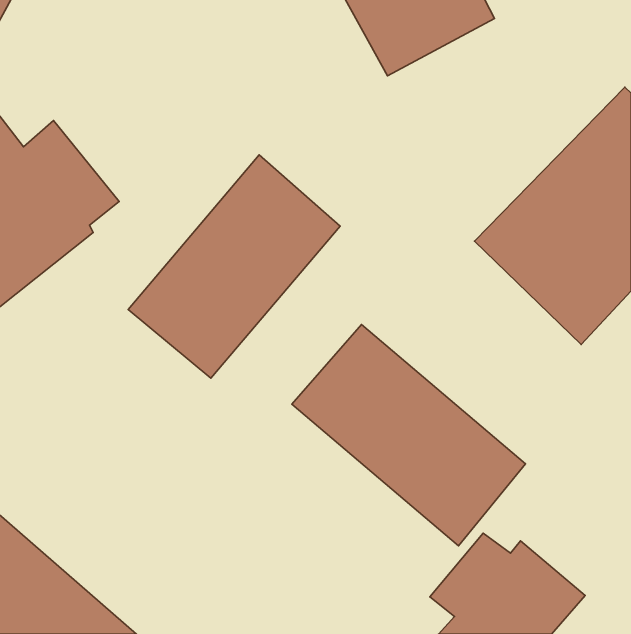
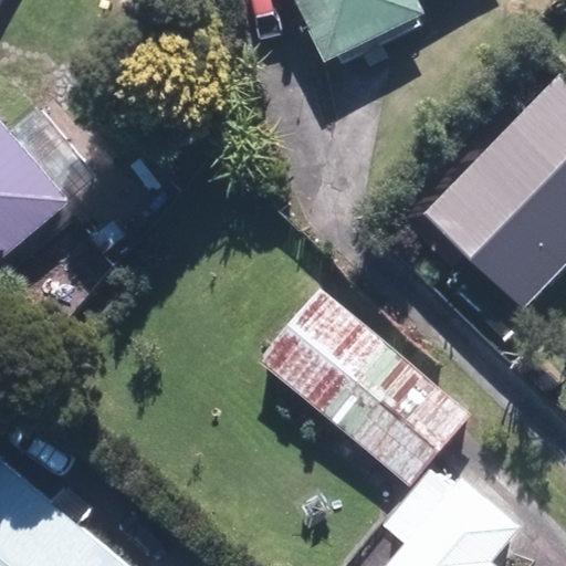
building: [128,155,340,378] -> none

